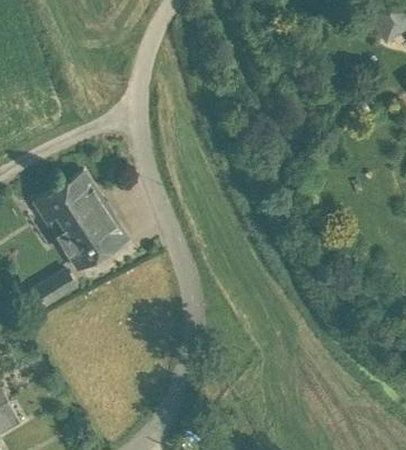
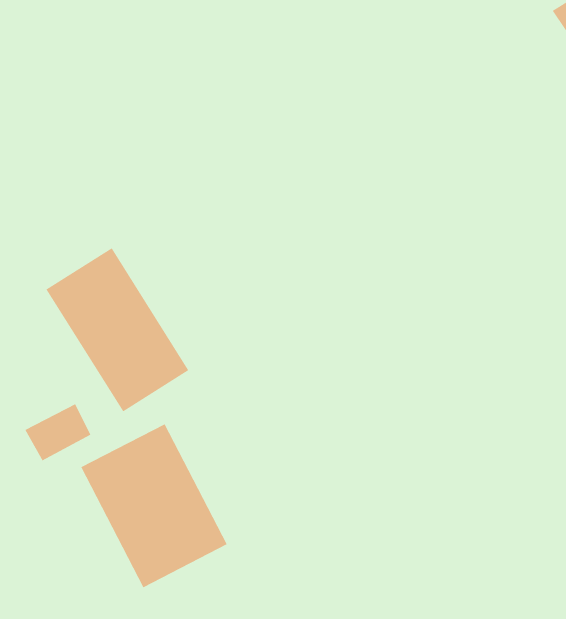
building: none -> [81,423,227,588]

